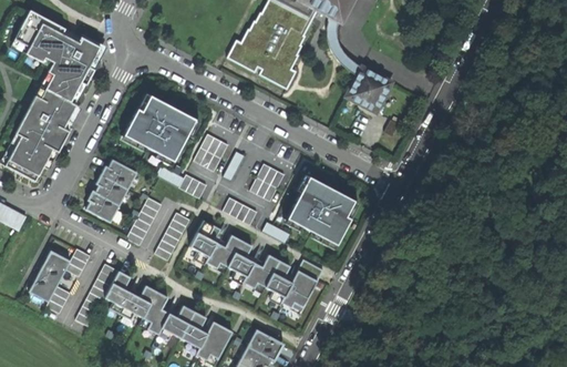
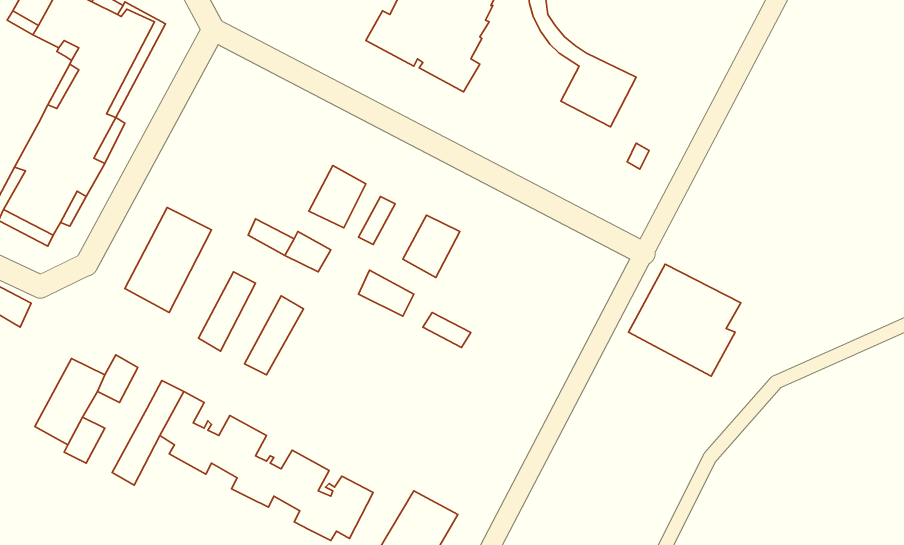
building: [123,94,195,161] -> none
building: [286,176,353,244] -> [629,264,741,376]
building: [188,220,322,307] -> none

